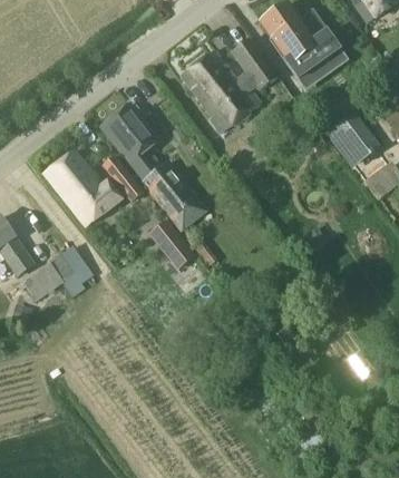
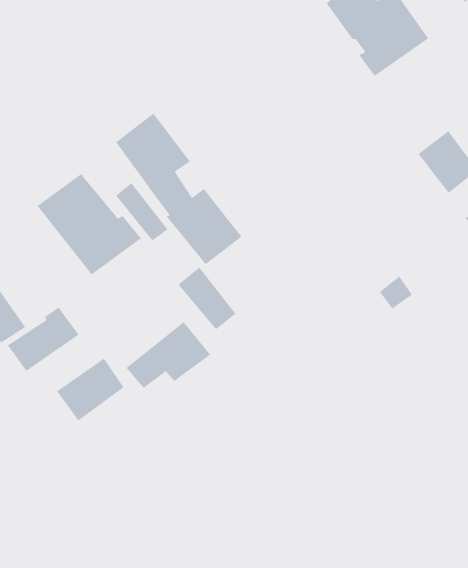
building: [181,39,278,134] -> none
building: none -> [125,321,211,389]
building: none -> [56,358,124,421]

